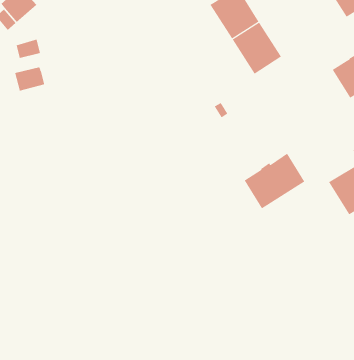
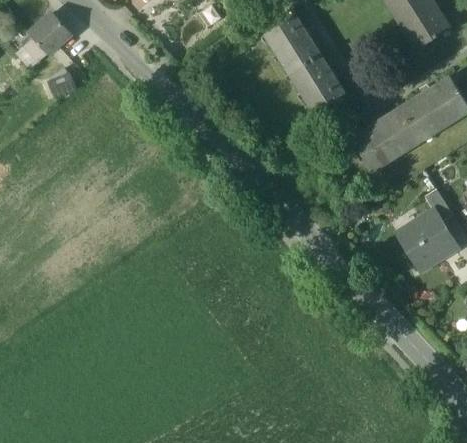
building: [15,66,45,92] -> none
building: [244,153,305,209] -> [351,107,420,170]

